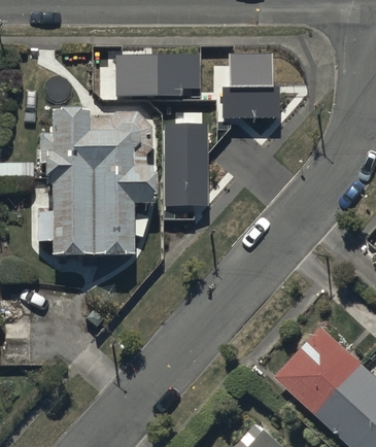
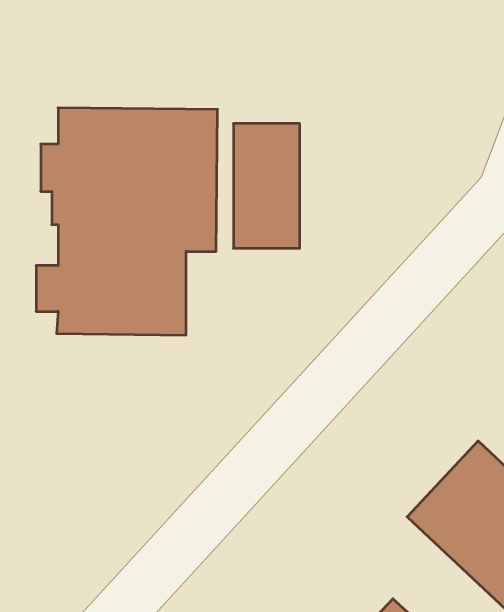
building: [115,50,199,93] -> none
building: [221,50,279,115] -> none

